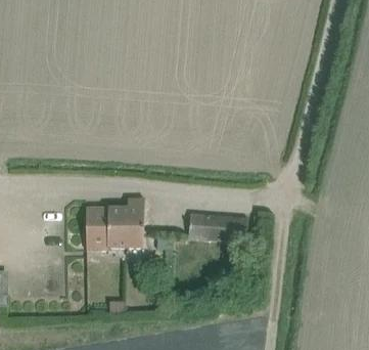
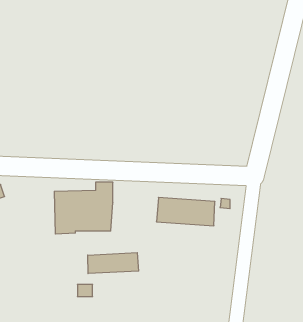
building: none -> [88,253,139,274]

